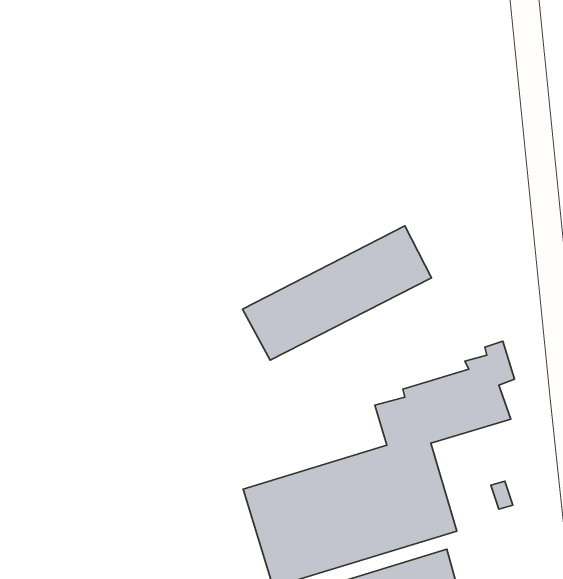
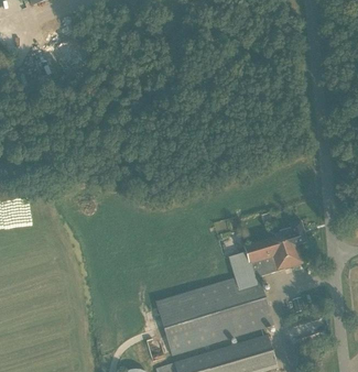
building: [243,226,431,360] -> none

